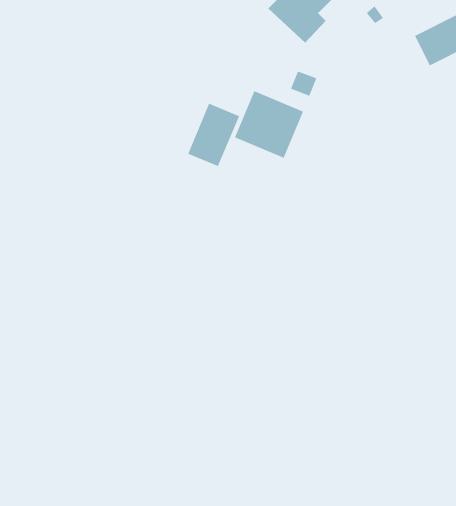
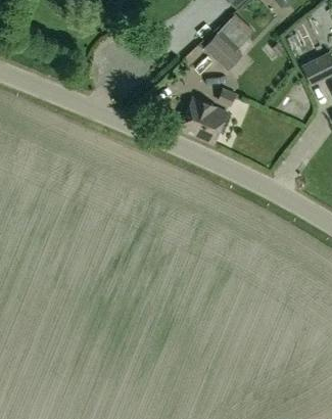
building: [187,103,240,167] -> none

